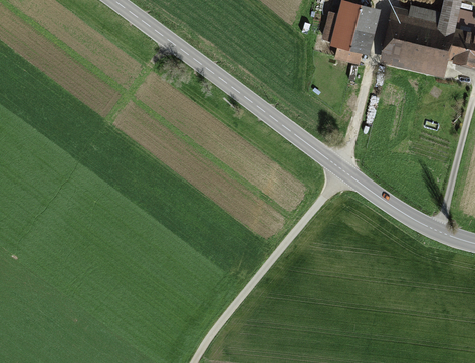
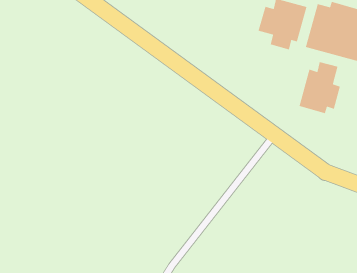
building: none -> [299,61,341,114]

